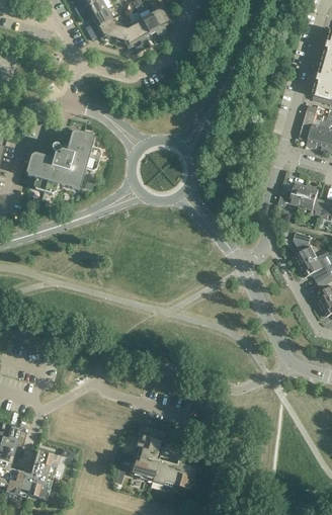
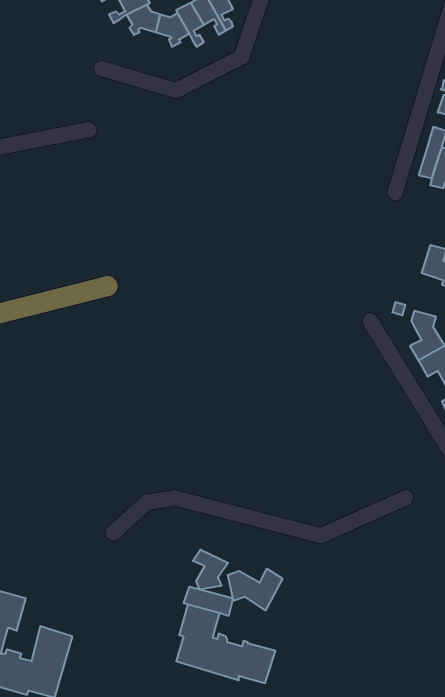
building: [25,128,101,192] -> none
building: [278,181,307,204] -> none
building: none -> [193,550,228,590]
building: none -> [228,569,283,610]

